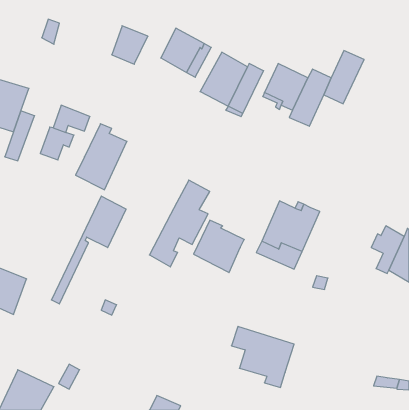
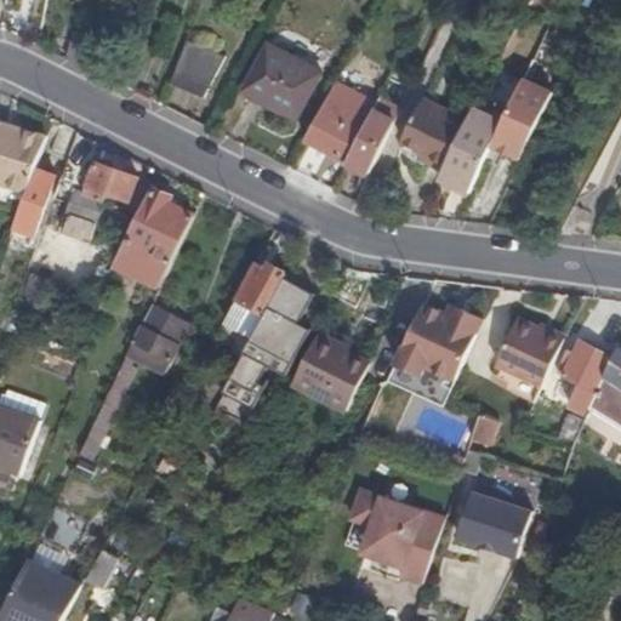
building: none -> [229,262,285,324]
building: none -> [491,318,564,403]
building: none -> [454,494,528,557]

